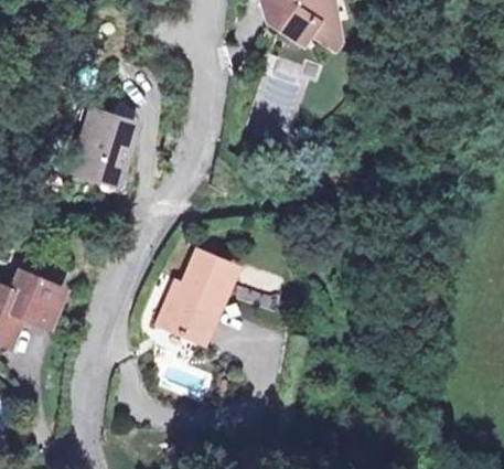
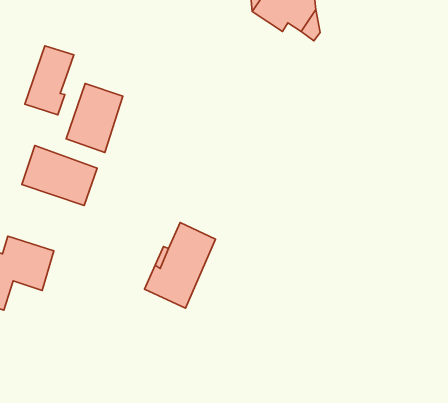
building: none -> [25,46,74,115]
building: none -> [22,145,97,206]

